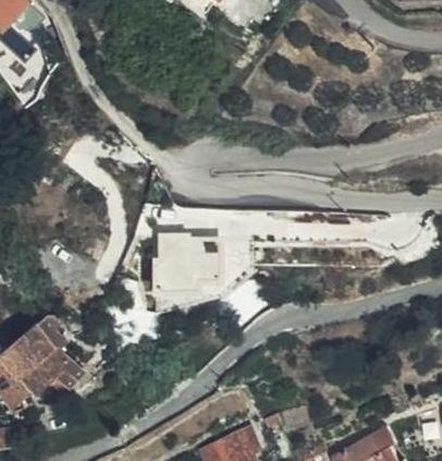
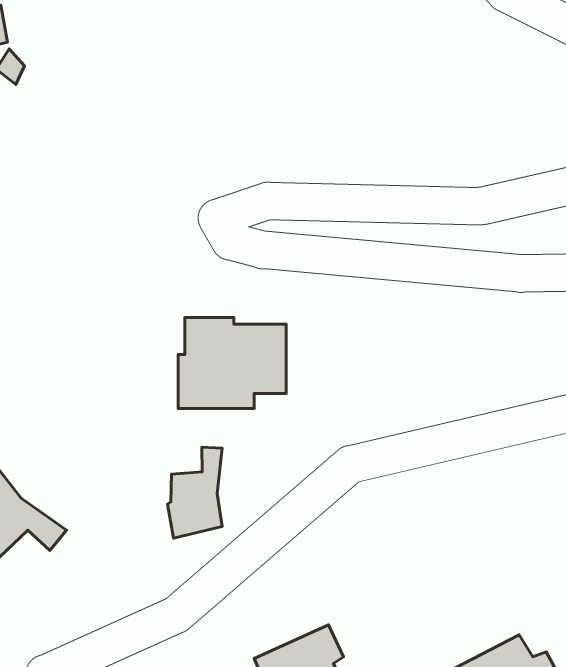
building: none -> [167,447,222,538]

